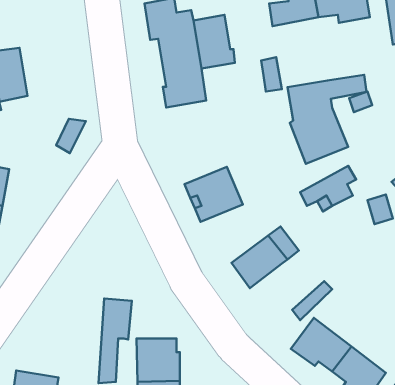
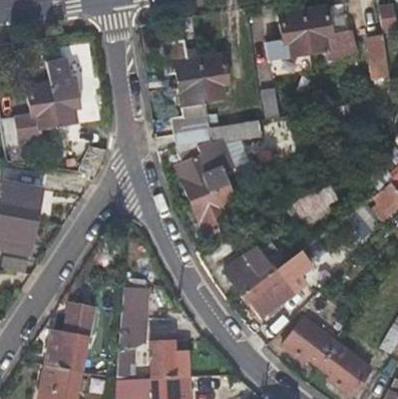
building: none -> [45,58,78,124]
building: [287,75,366,164] -> [176,123,246,202]
building: none -> [250,271,296,316]
building: none -> [45,302,93,371]

